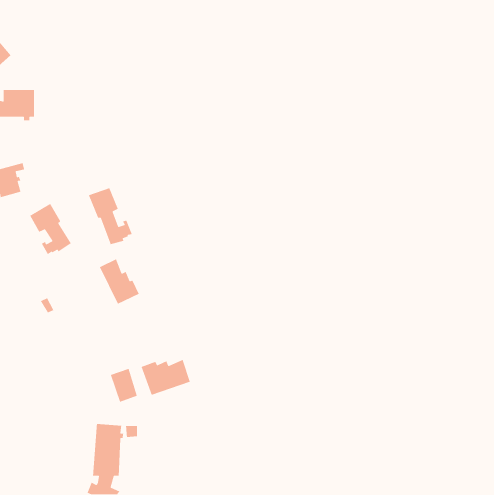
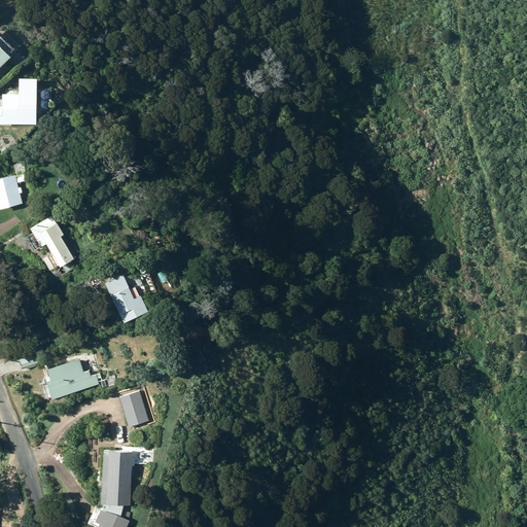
building: [88,187,133,245] -> none
building: none -> [48,358,102,400]
building: [141,359,191,396] -> none

